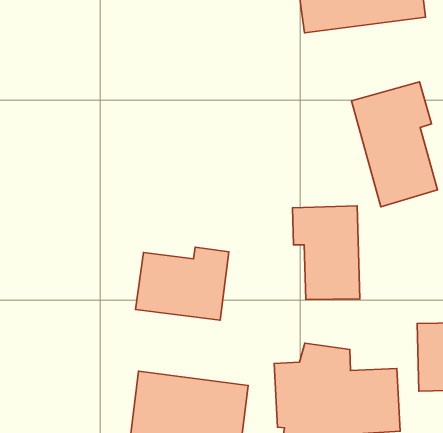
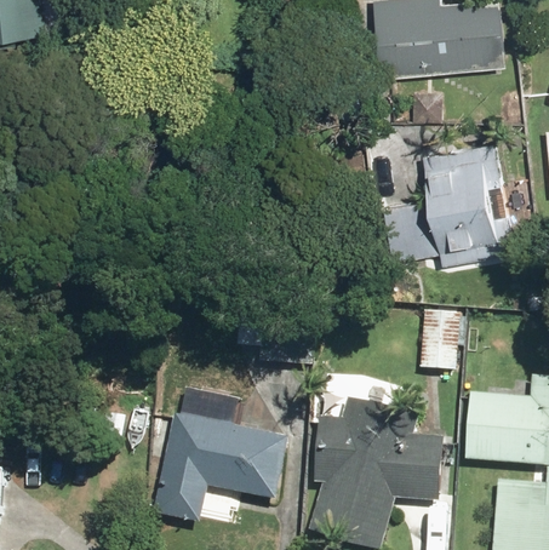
building: [293,206,360,300] -> none
building: [135,247,229,320] -> none

